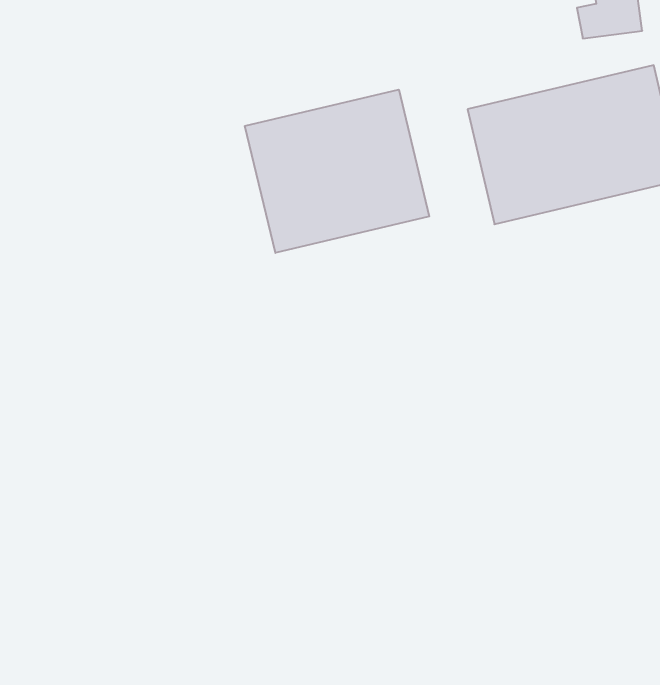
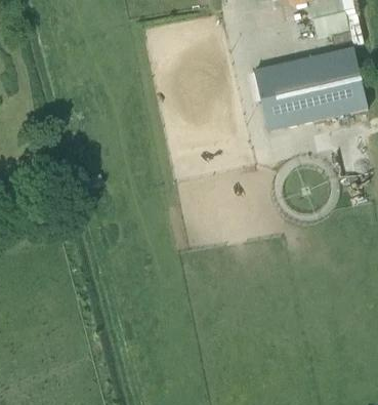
building: [245,90,429,253] -> none

